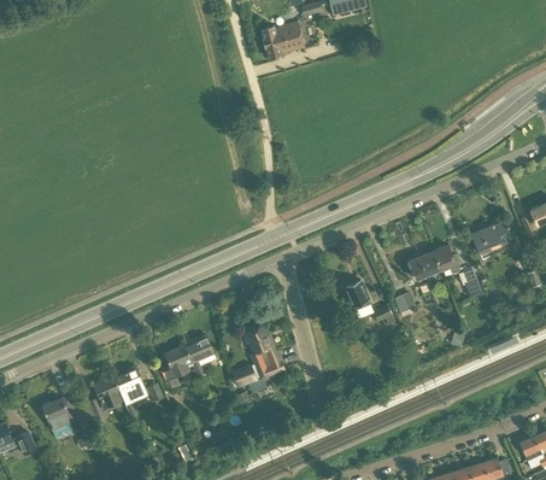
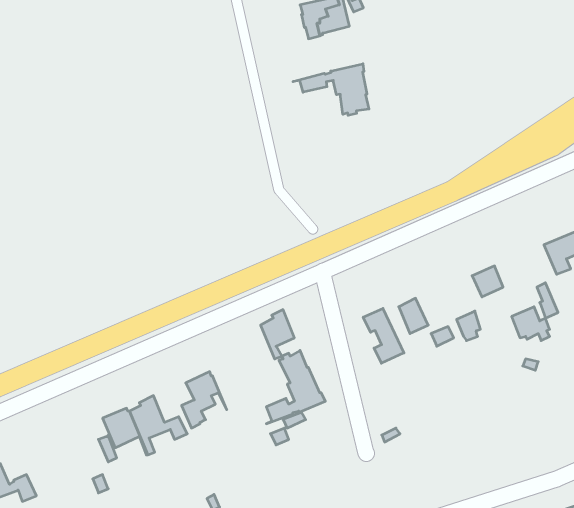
building: none -> [293,64,369,115]
building: [428,245,460,274] -> [512,307,550,341]
building: none -> [363,308,404,363]
building: [187,334,216,376] -> [261,310,294,359]
building: [42,394,81,439] -> none

